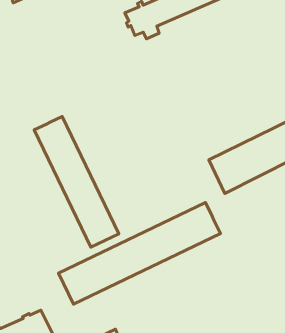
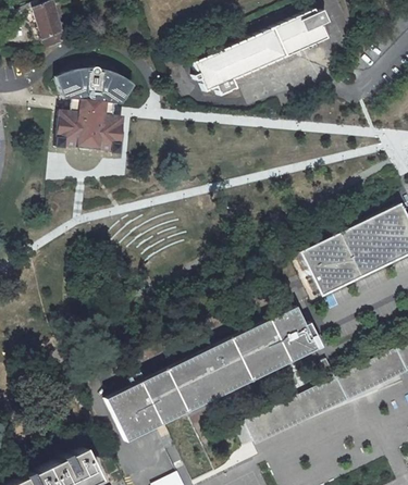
building: none -> [52,75,133,153]
building: [34,116,119,247] -> none

